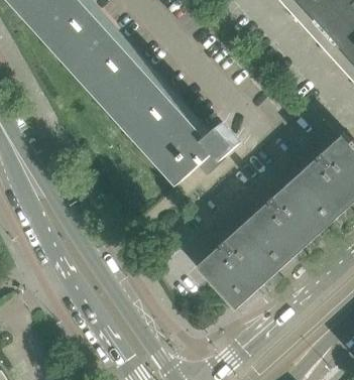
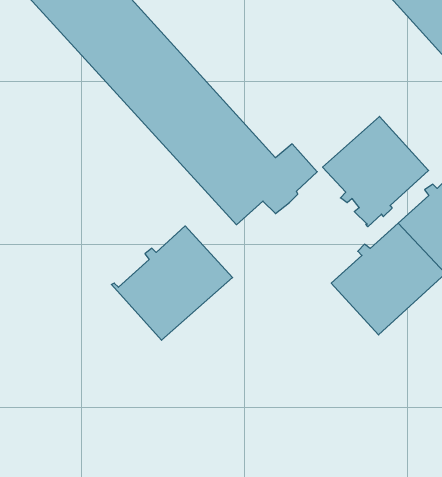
building: none -> [323,116,429,227]
building: [197,224,284,306] -> [111,226,233,340]

